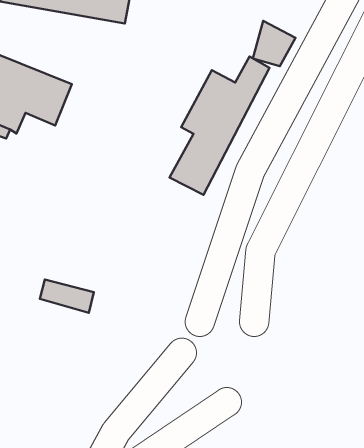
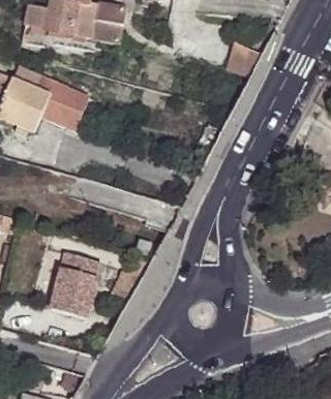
building: [169,57,269,195] -> none
building: none -> [47,265,95,315]

